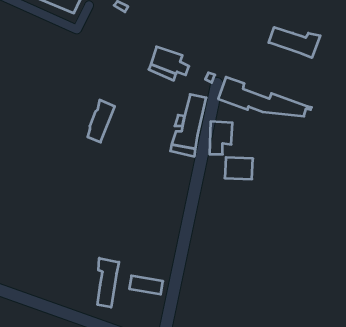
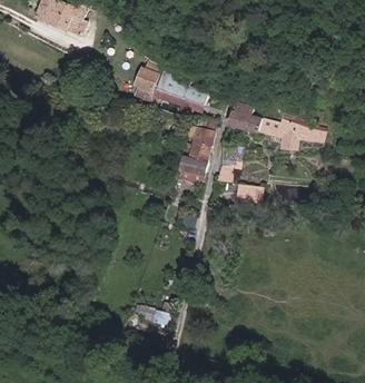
building: [269,27,320,58] -> none
building: [88,100,115,142] -> [135,59,162,102]
building: [98,258,119,307] -> none

